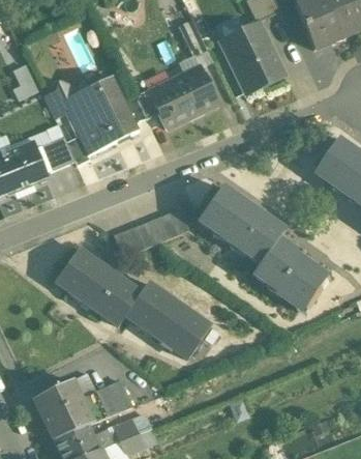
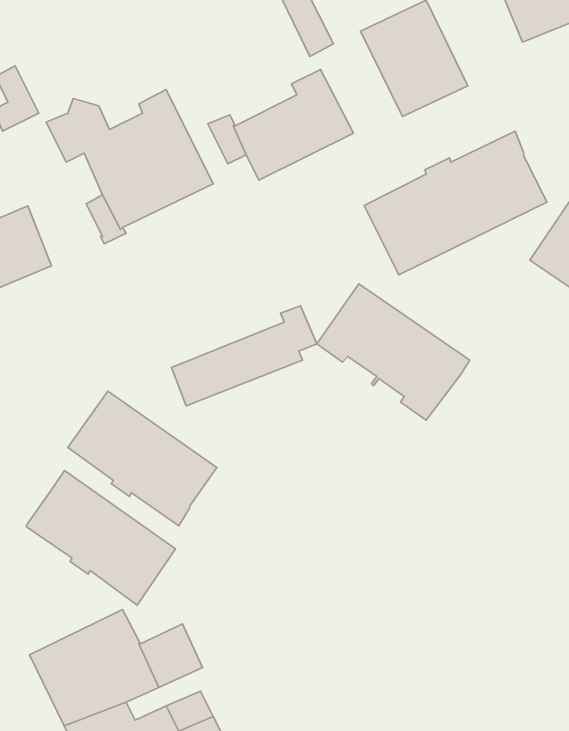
building: none -> [364,131,547,275]
building: [39,135,74,169] -> none
building: [252,237,332,308] -> none
building: [124,281,209,357] -> [26,471,175,605]

